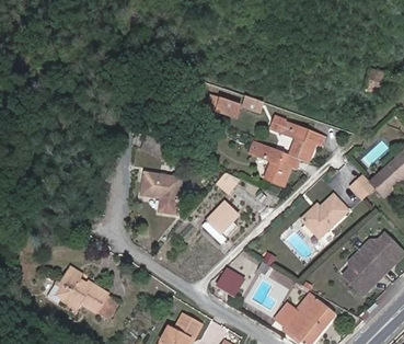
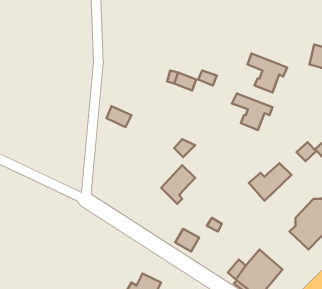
building: [256,142,300,185] -> [247,54,287,92]
building: [141,171,182,214] -> none
building: [60,267,108,310] -> none

